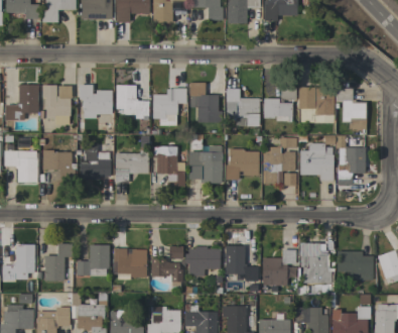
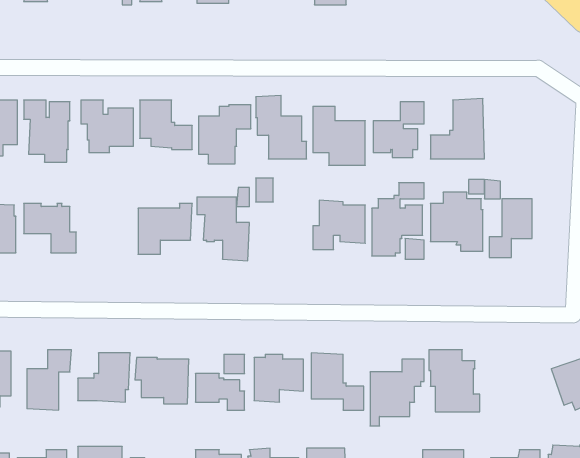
building: [336,88,366,129] -> none
building: [189,145,222,183] -> none
building: [80,149,111,180] -> none
building: [337,251,373,280] -> none

